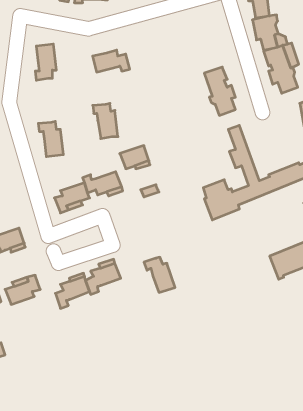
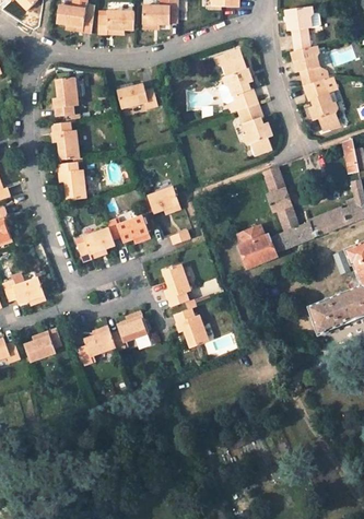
building: none -> [213,47,258,113]
building: [93,103,118,139] -> [51,122,79,161]
building: none -> [162,264,189,307]

